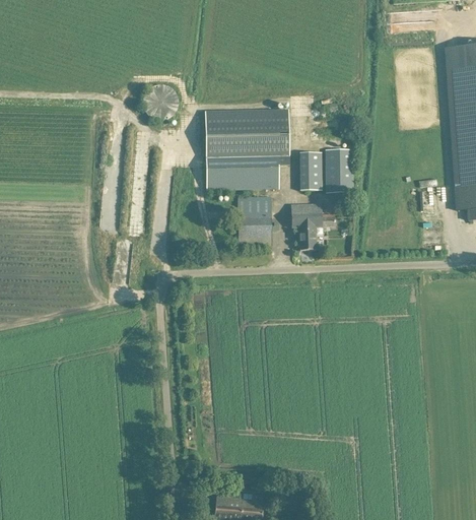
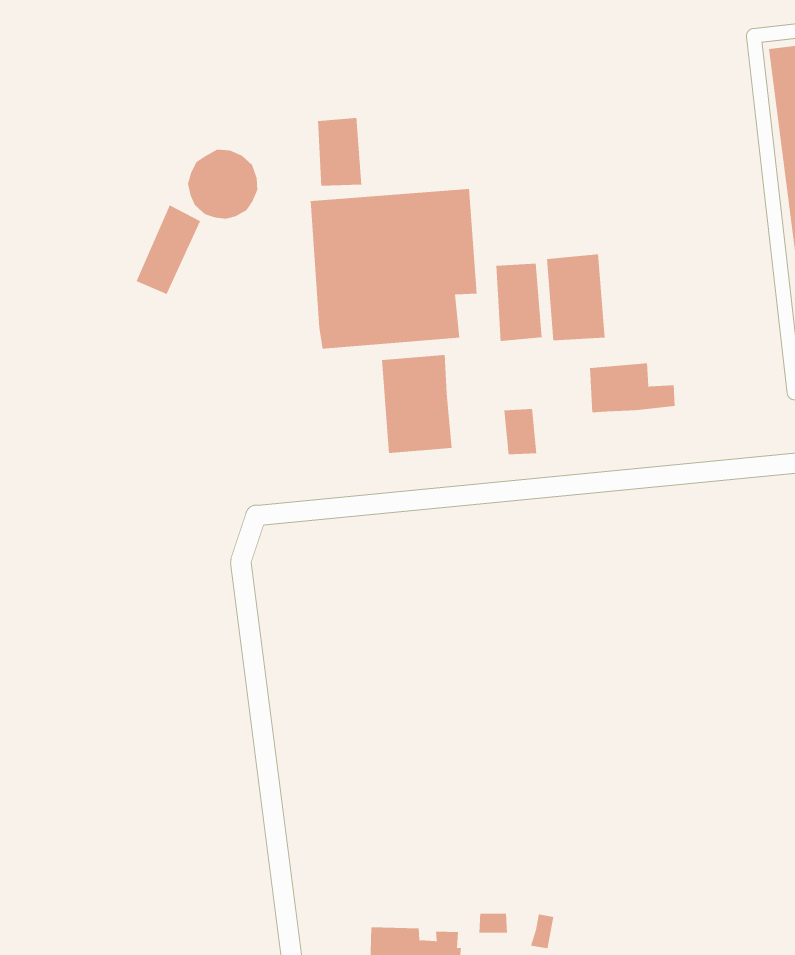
building: none -> [317,117,362,187]
building: none -> [136,205,201,295]
building: [291,202,335,226] -> [589,363,676,413]

